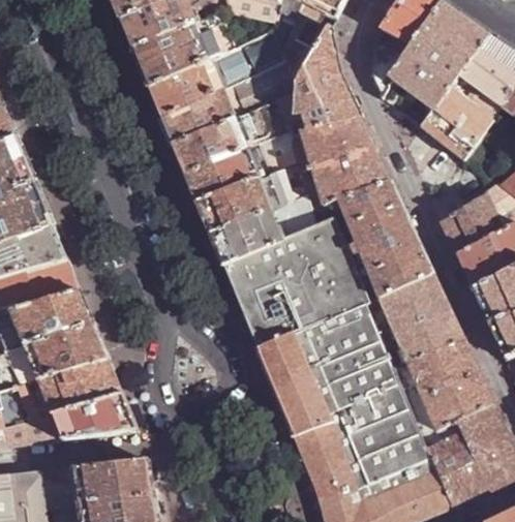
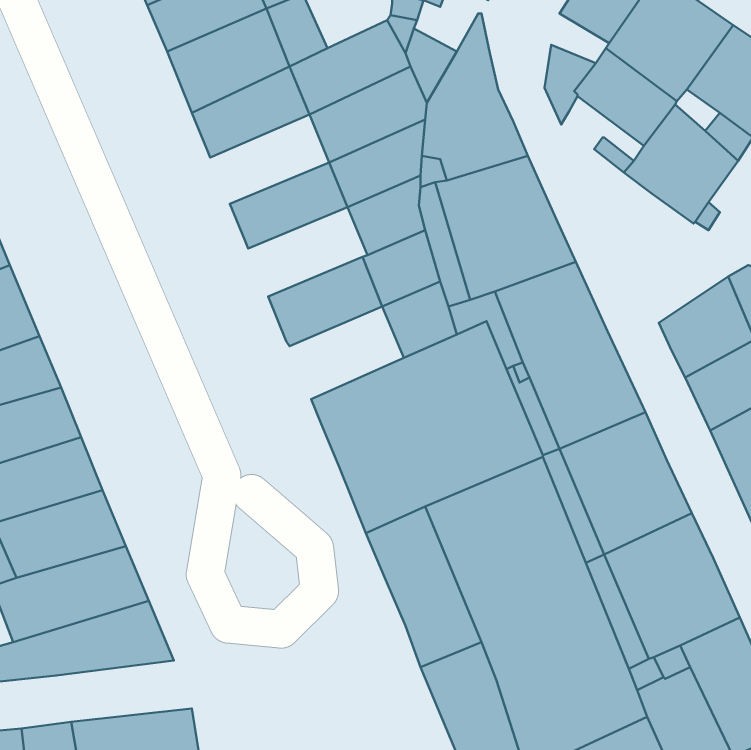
building: [162,91,237,147] -> none
building: [186,149,261,205] -> none
building: [212,211,283,269] -> none

